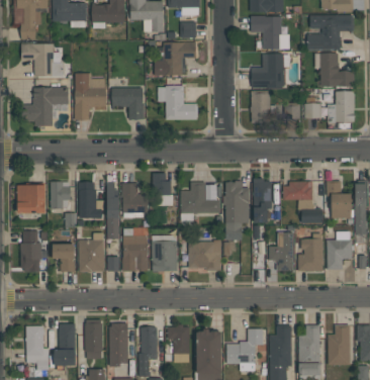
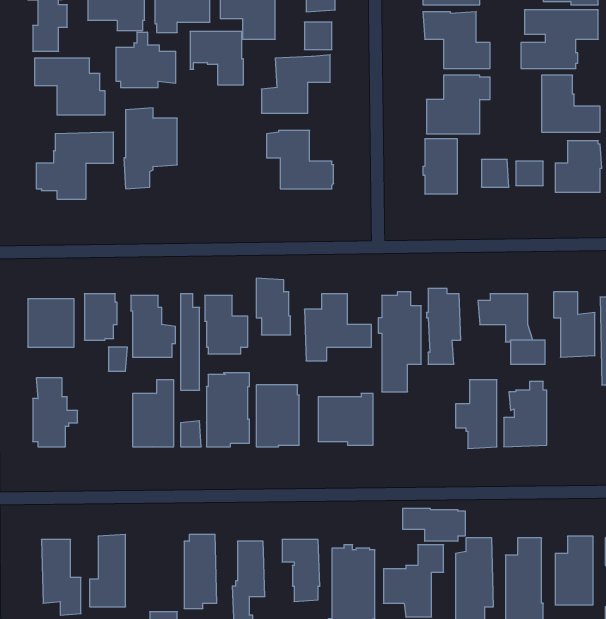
building: none -> [116,32,176,88]
building: [112,88,144,119] -> [190,31,243,85]
building: [327,232,352,270] -> none
building: [52,245,75,272] -> none
building: none -> [403,508,465,541]
building: [84,319,102,360] -> none

